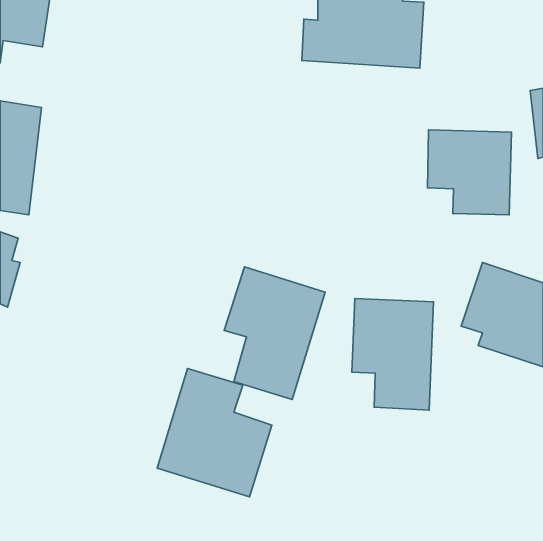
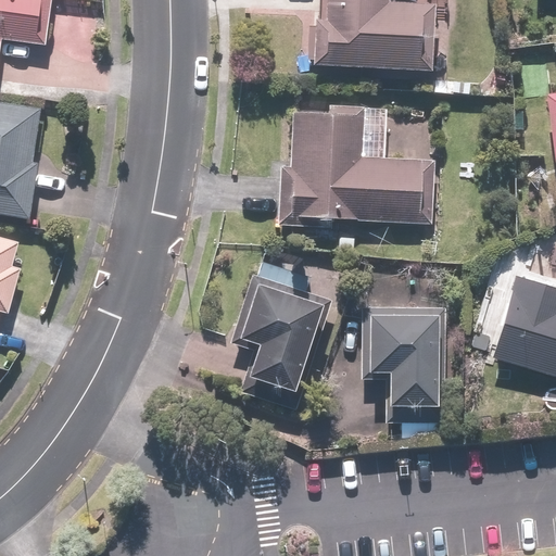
building: none -> [276,105,434,227]
building: [428,130,511,215] -> none
building: [157,369,272,497] -> none

